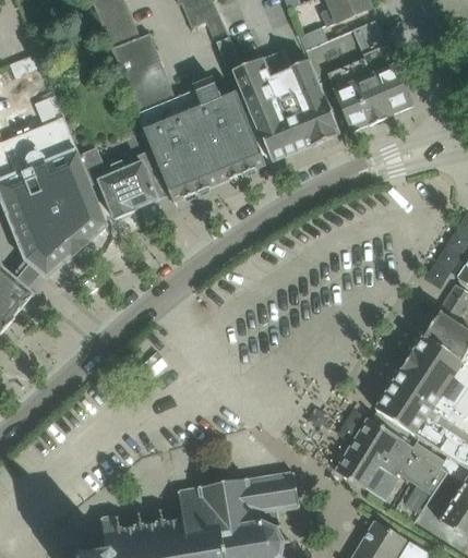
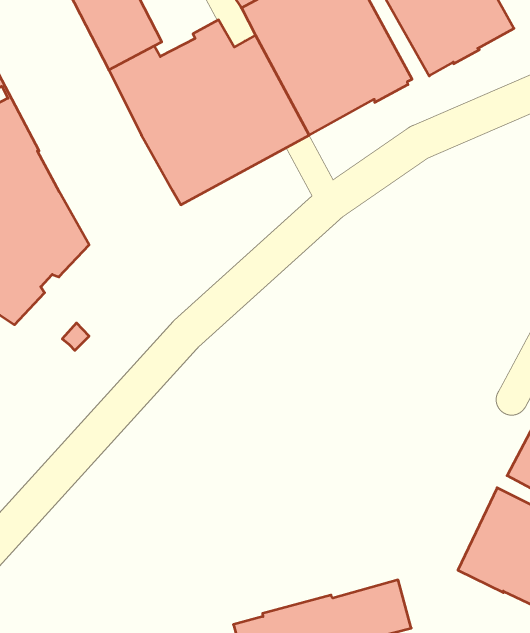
building: [79,148,168,219] -> none

